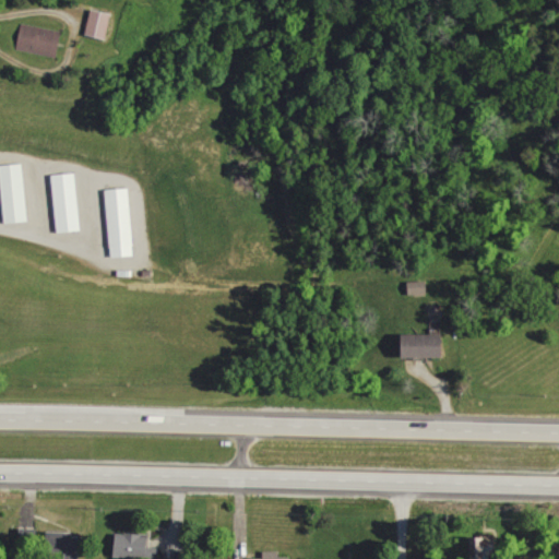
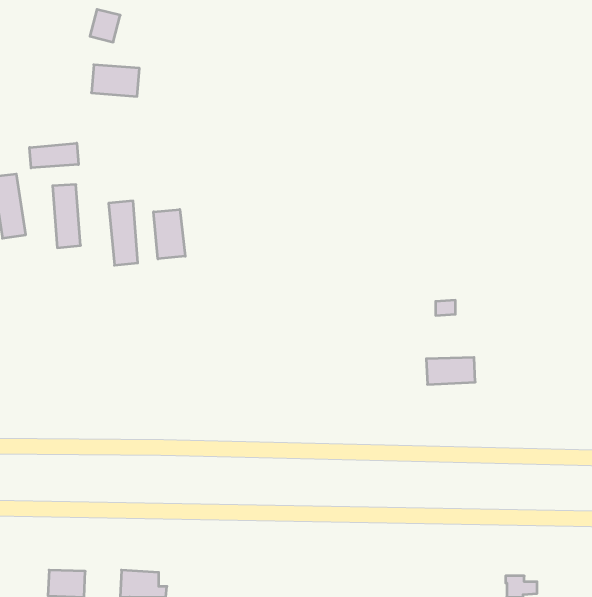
building: [15,25,60,55] -> [91,65,139,96]
building: none -> [30,143,78,168]
building: none -> [154,209,185,259]

